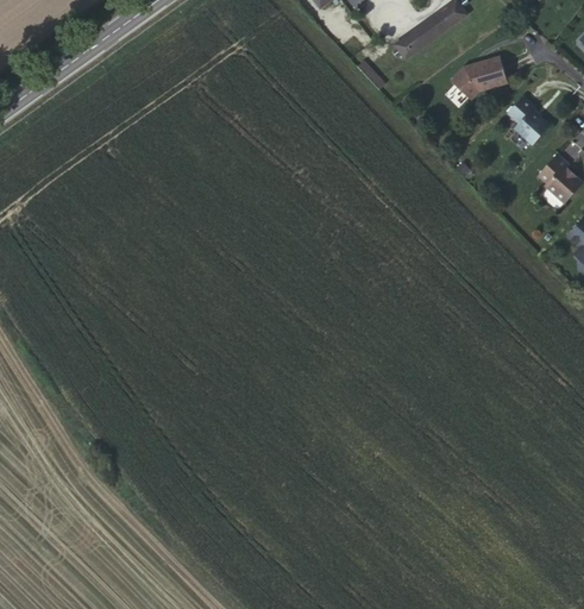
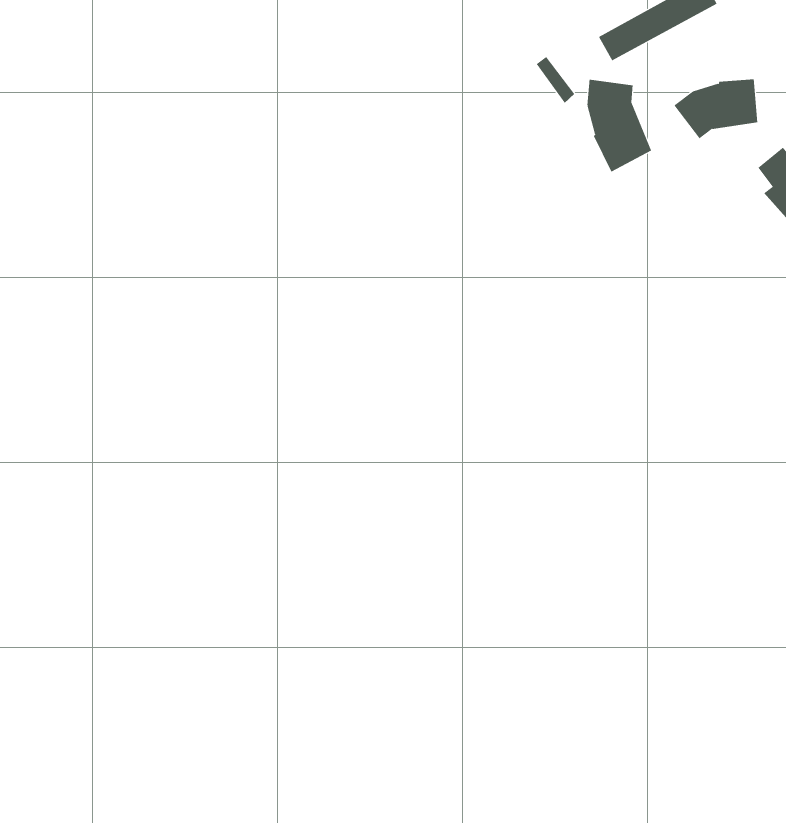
building: none -> [587,79,652,172]

